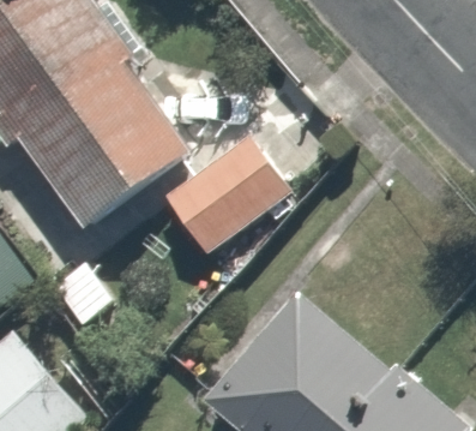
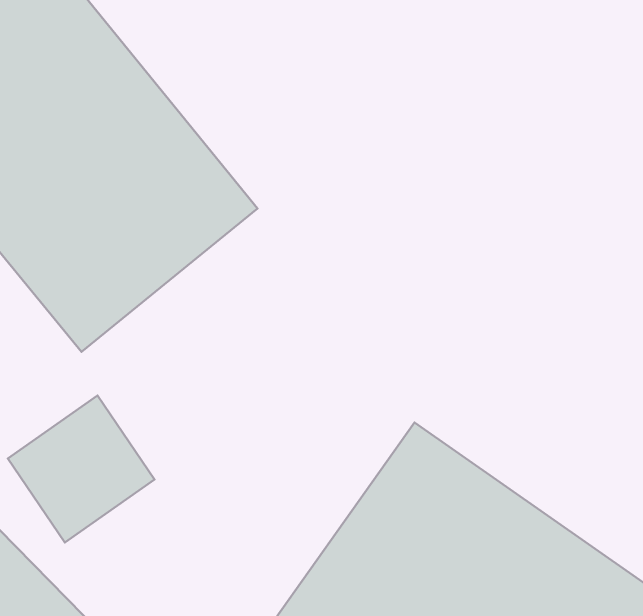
building: [161,130,306,273] -> none

